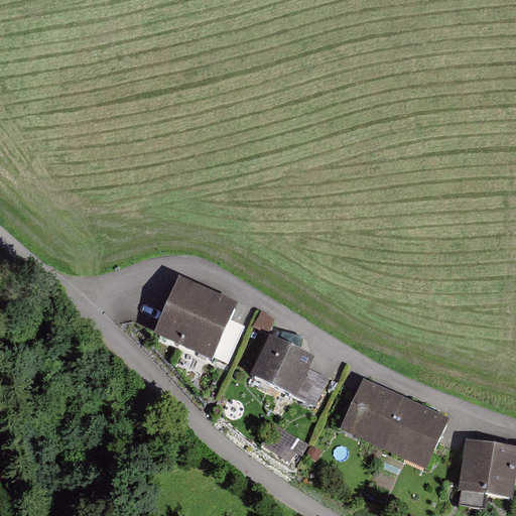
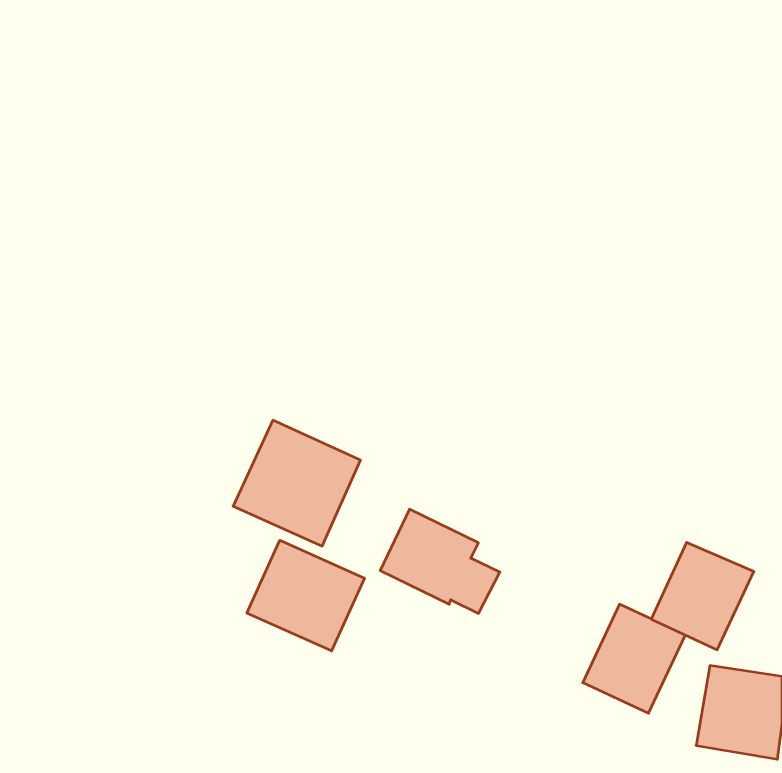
building: none -> [247,540,364,651]
building: [340,378,407,448] -> [651,542,754,650]

